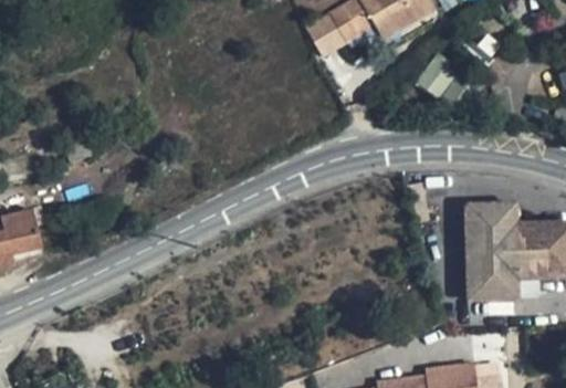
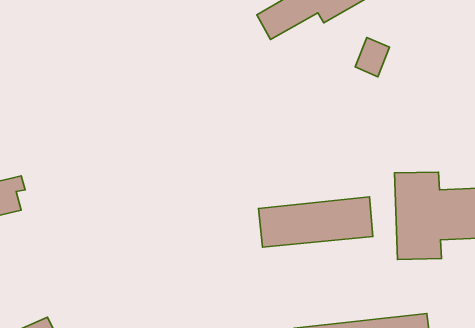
building: none -> [258,197,373,247]

